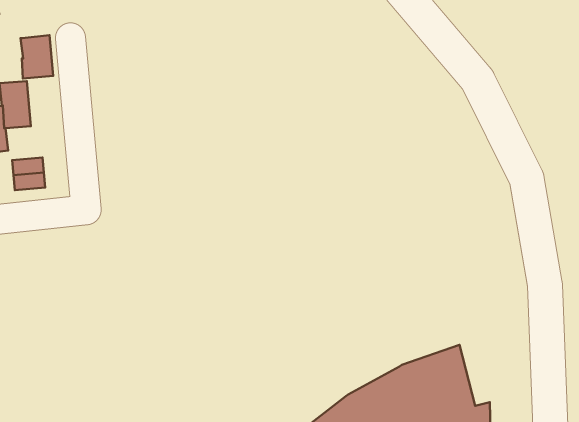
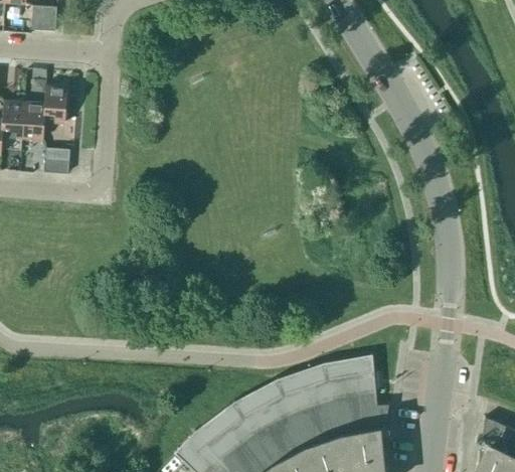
building: [21,35,53,79] -> none

